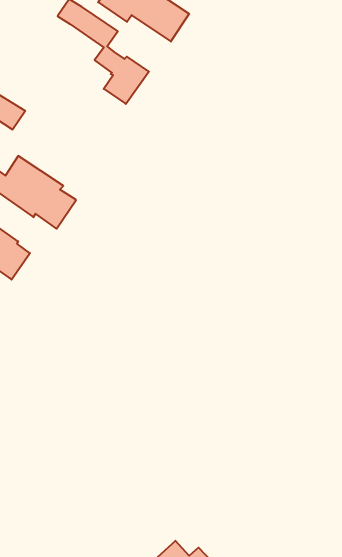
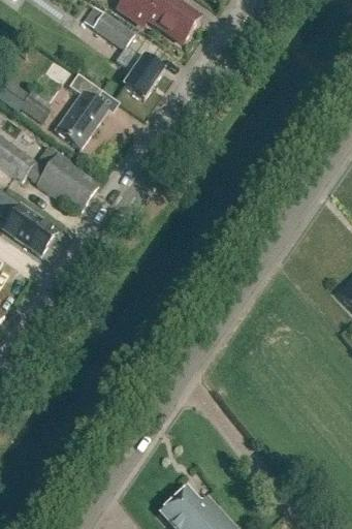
building: none -> [56,73,108,149]

